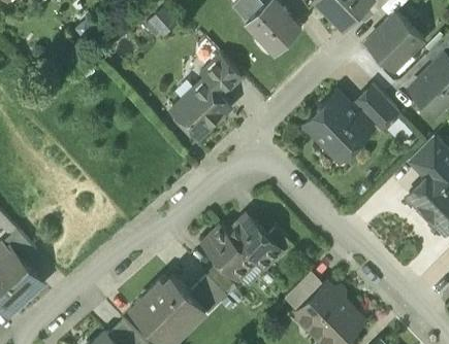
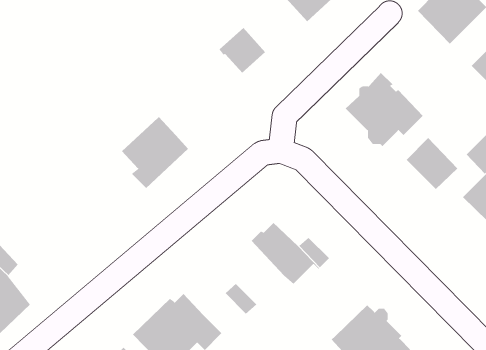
building: [175,79,231,139] -> [121,116,189,189]
building: [354,85,397,129] -> [406,137,458,190]
building: [204,226,255,278] -> none
building: [284,271,324,311] -> none
building: [189,276,226,314] -> none

